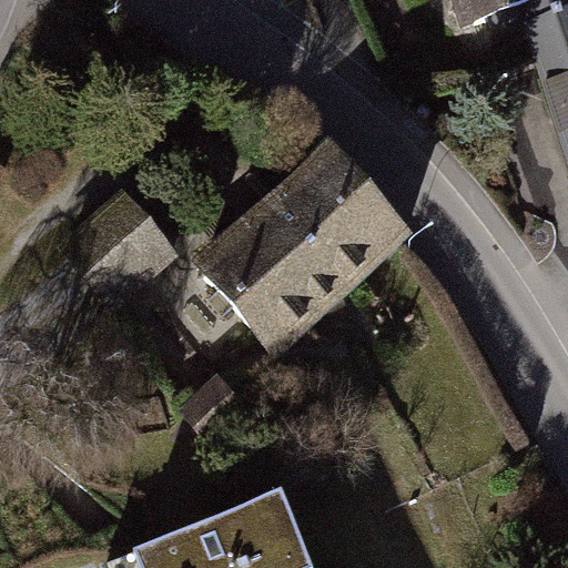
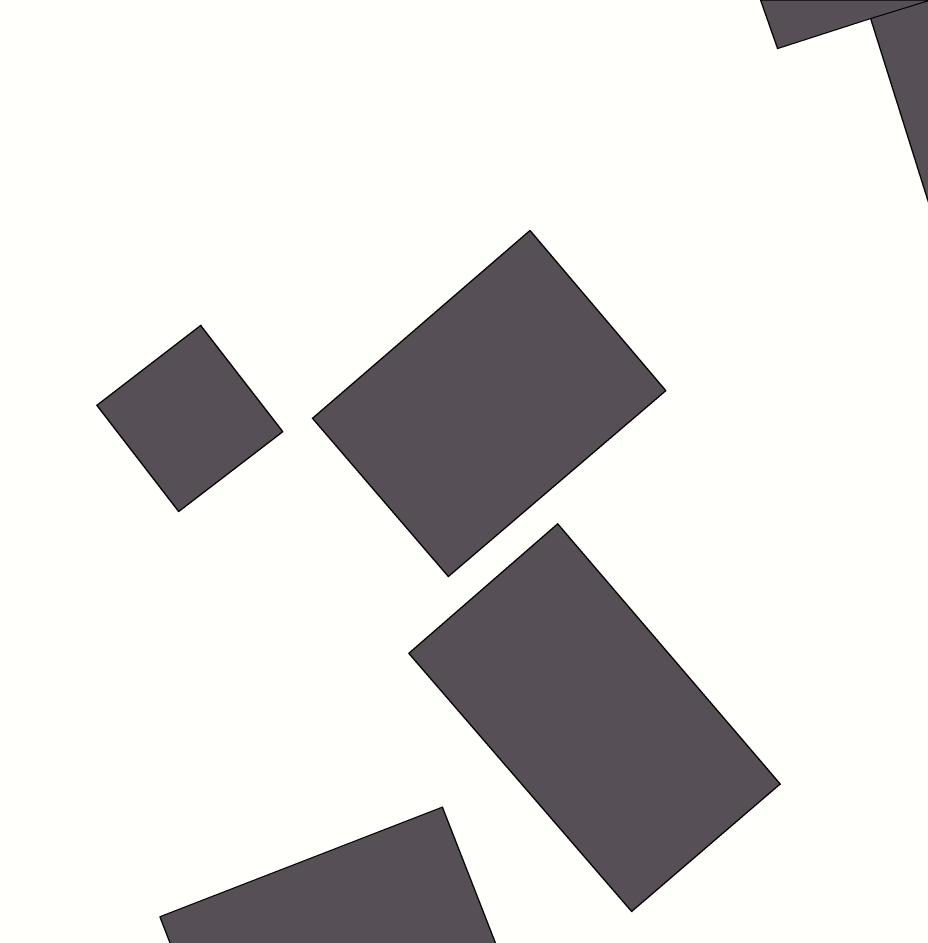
building: none -> [409,524,780,912]

